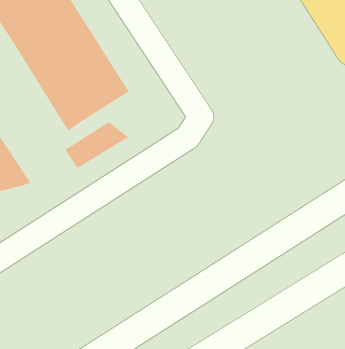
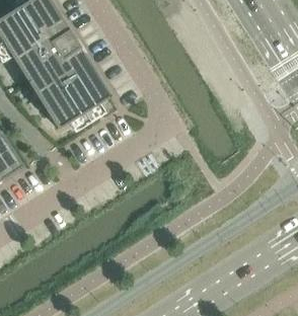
building: [65,121,129,169] -> none

